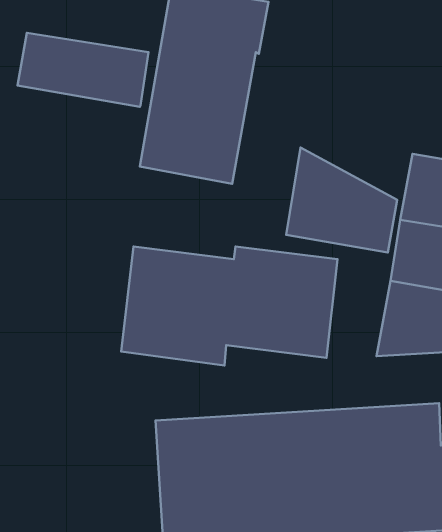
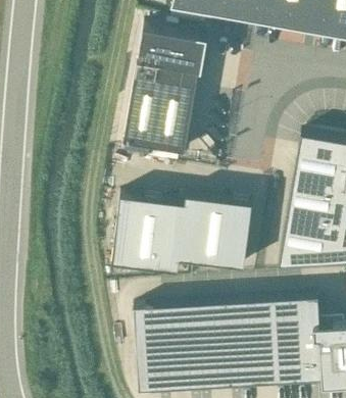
building: [17,33,149,107] -> none
building: [286,147,397,252] -> none

